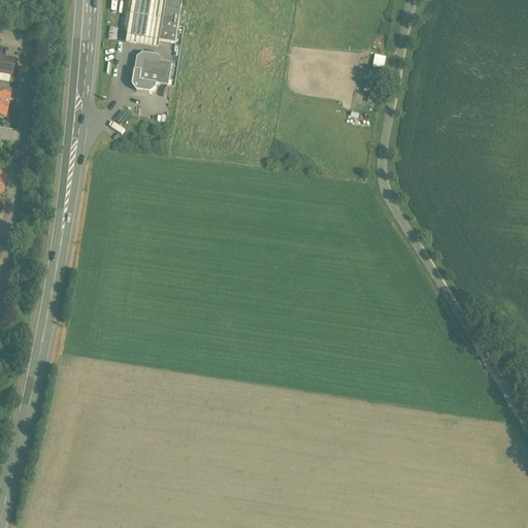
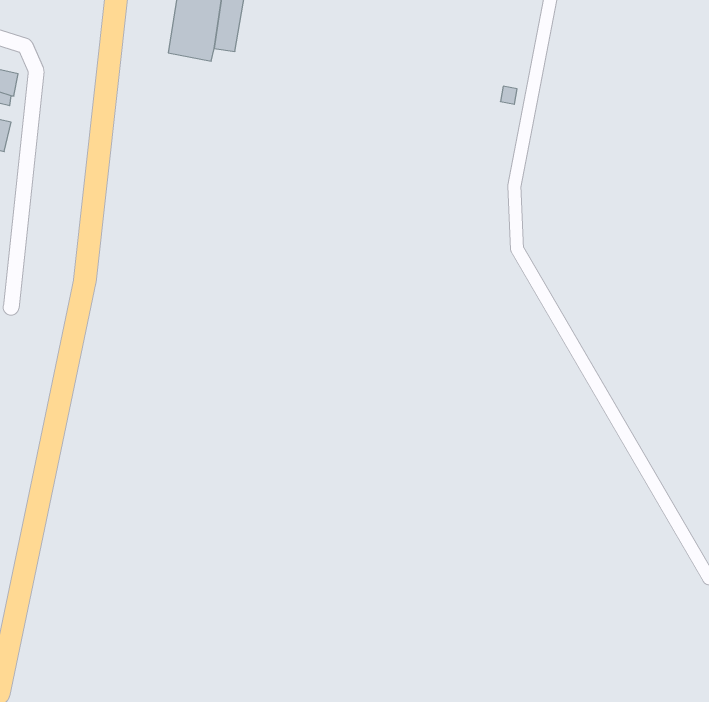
building: [132,48,171,89] -> none

